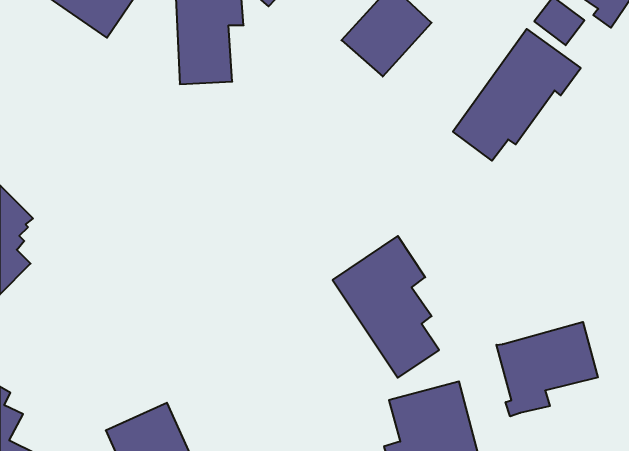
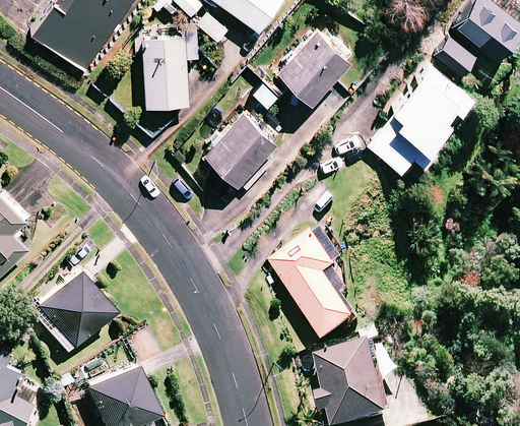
building: none -> [205,110,285,191]
building: none -> [31,270,114,354]
building: [496,322,598,416] -> none

